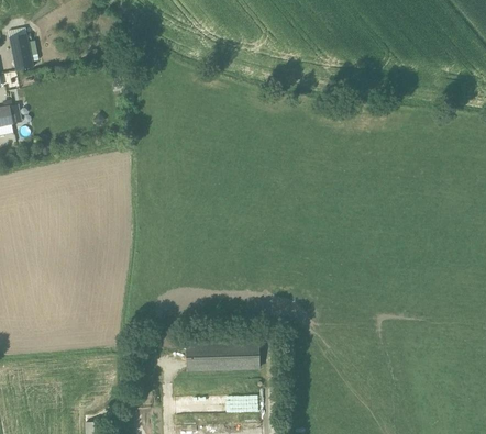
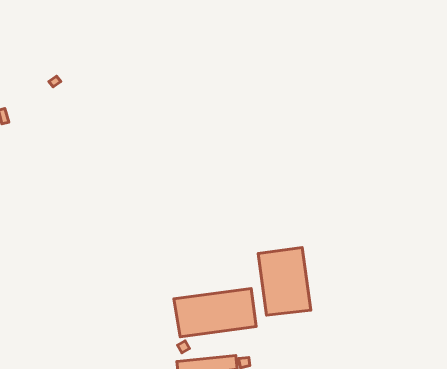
building: none -> [258,248,311,315]

